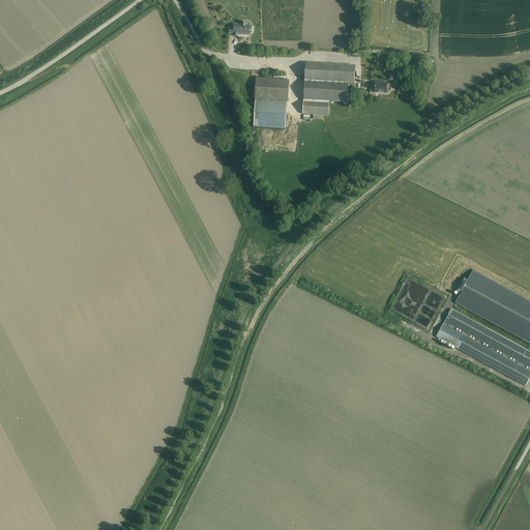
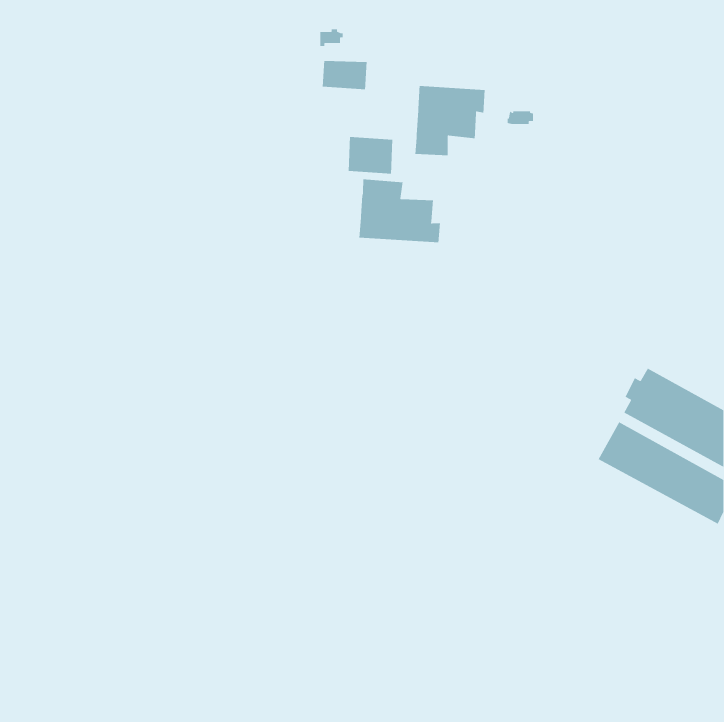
building: [255,78,288,99] -> [322,60,367,90]
building: none -> [359,178,441,243]

